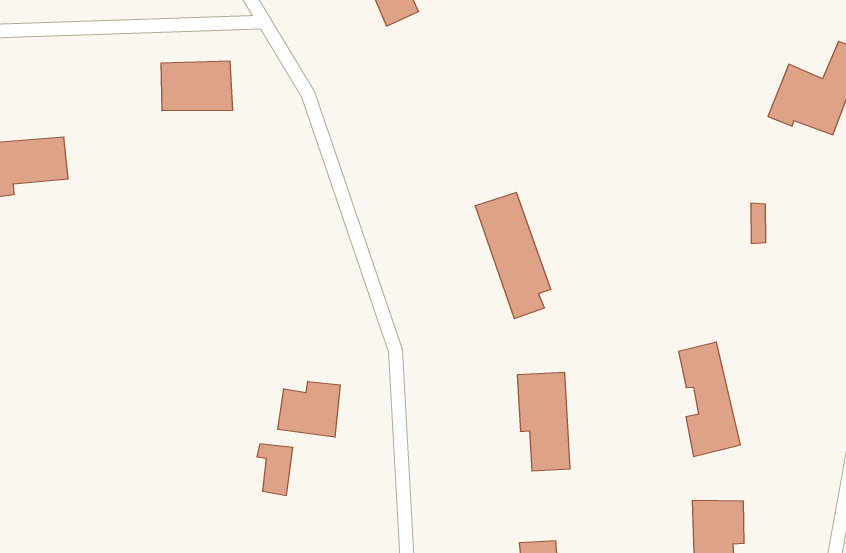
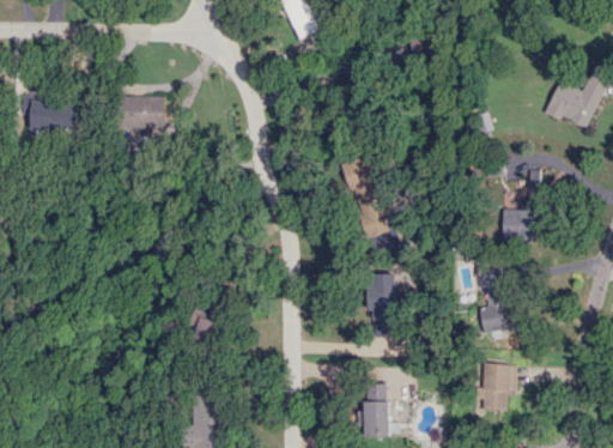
building: [161,61,233,111] -> [119,97,165,131]
building: none -> [499,200,535,244]
building: [278,381,340,437] -> none

